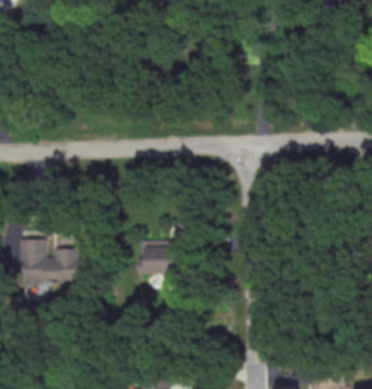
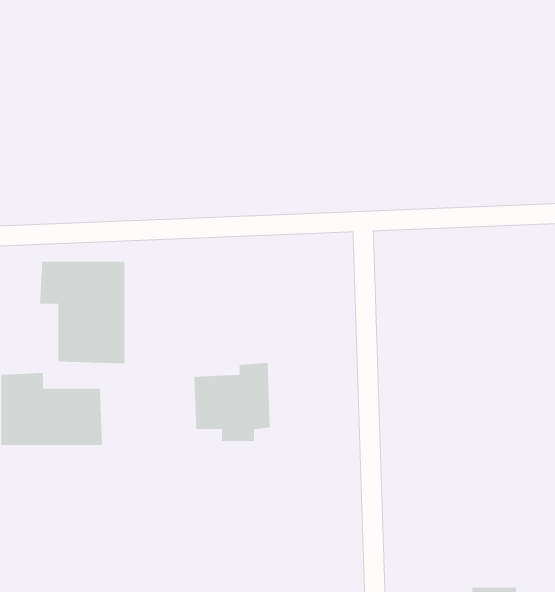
building: none -> [39,261,125,364]

